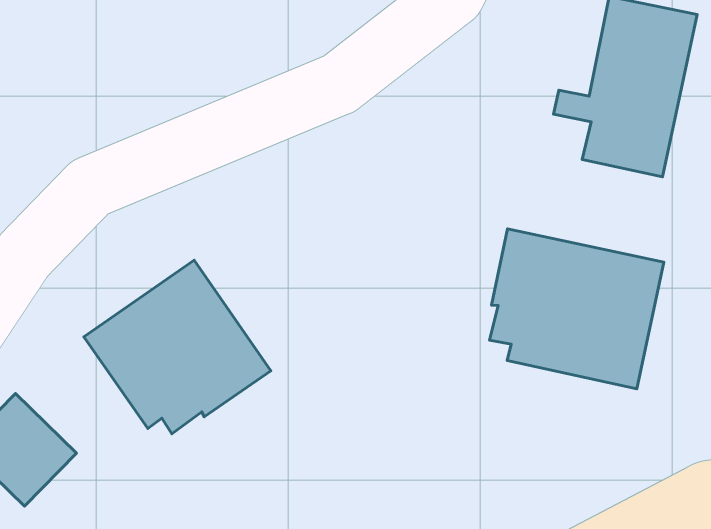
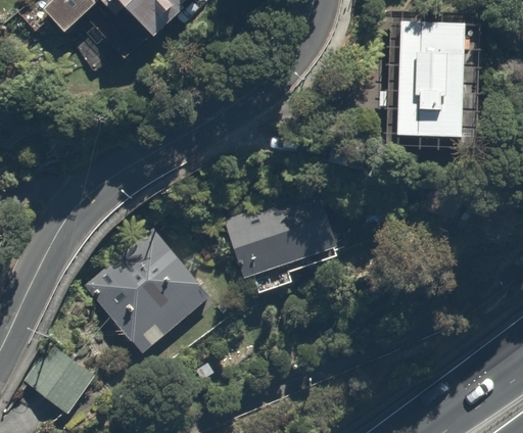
building: none -> [222,187,337,297]
building: [490,229,664,389] -> none

